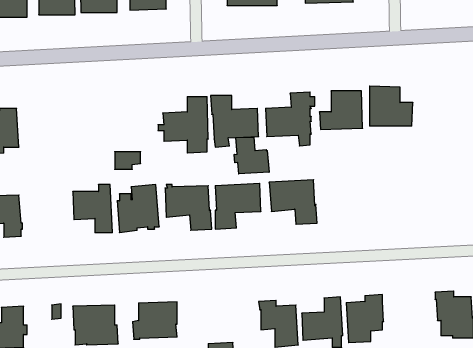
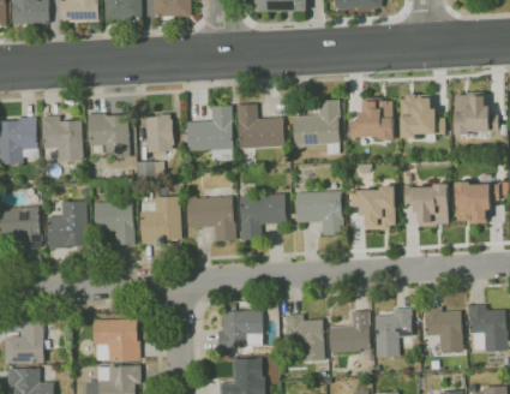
building: none -> [451,92,496,132]
building: none -> [88,112,130,159]
building: none -> [145,113,174,155]
building: none -> [41,114,84,160]
building: [234,137,269,174] -> none
building: none -> [454,183,497,222]
building: none -> [402,185,446,225]
building: none -> [348,187,394,228]
building: none -> [47,199,89,249]
building: none -> [422,306,461,352]
building: [133,302,177,339] -> [217,310,263,348]

